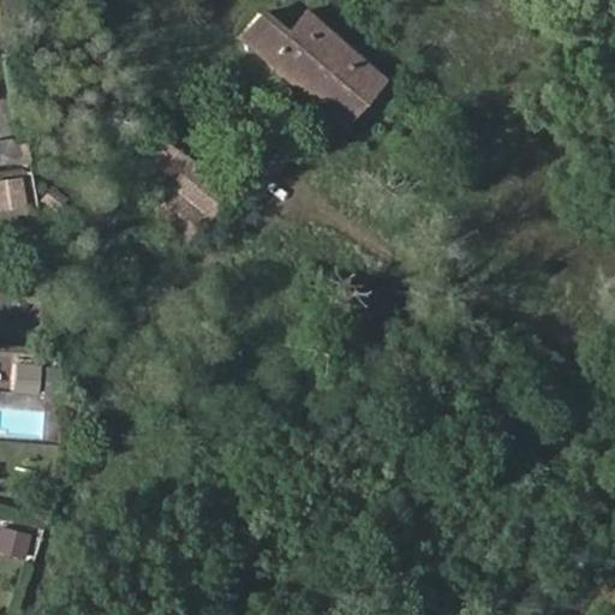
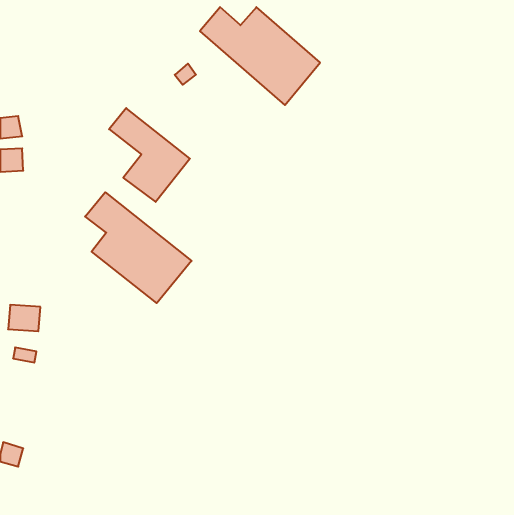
building: none -> [85,192,192,303]

